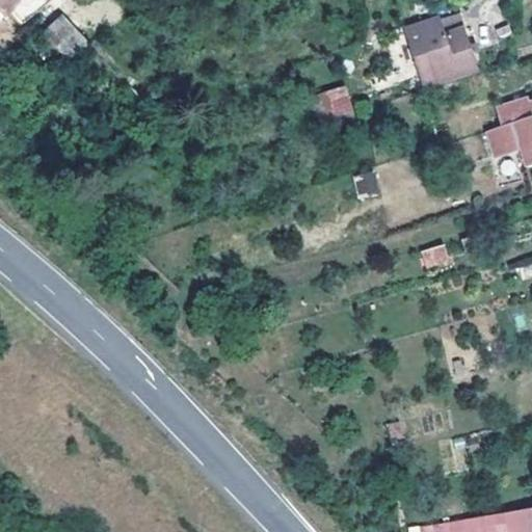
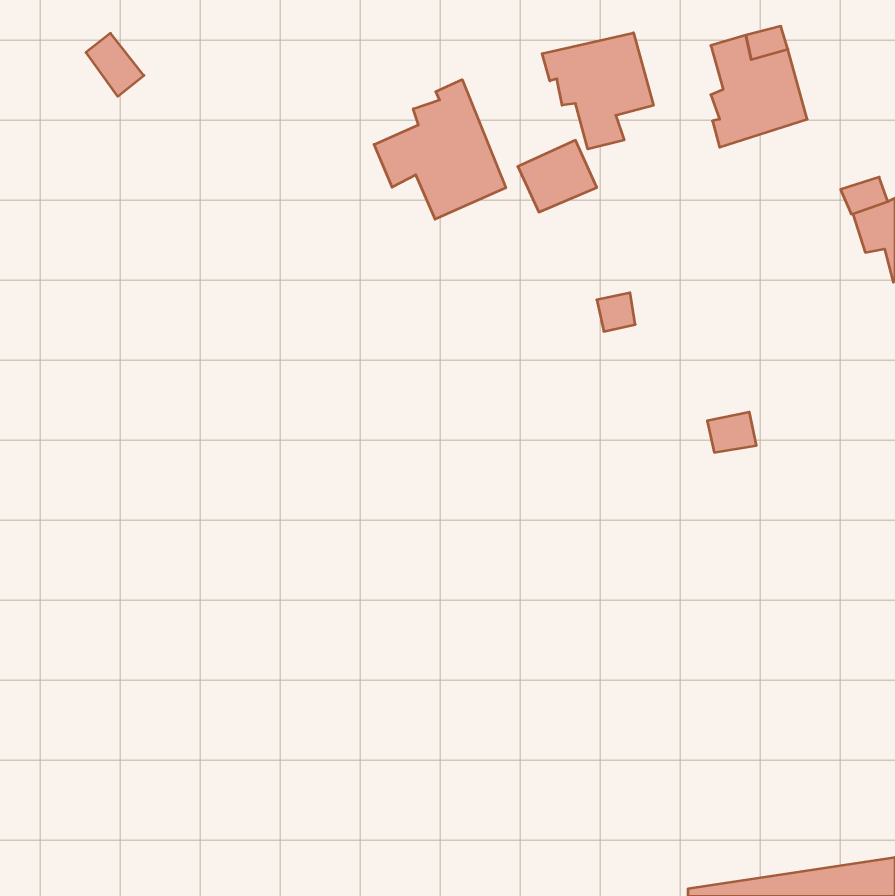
building: none -> [542,33,653,149]
building: none -> [374,80,506,219]

